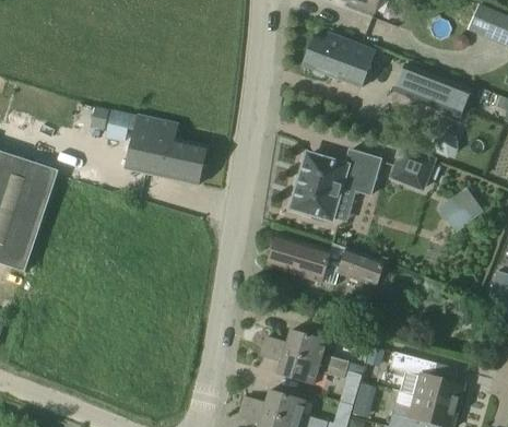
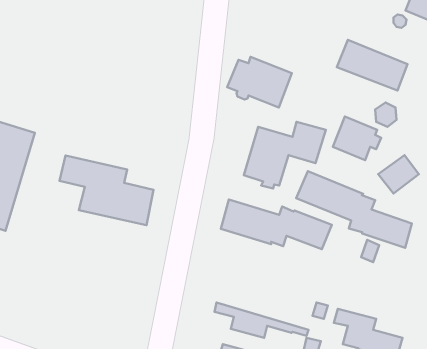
building: [303,33,373,87] -> [227,57,292,107]
building: [104,110,205,186] -> [60,155,153,225]
building: none -> [296,171,412,248]
building: [262,325,365,376] -> none

